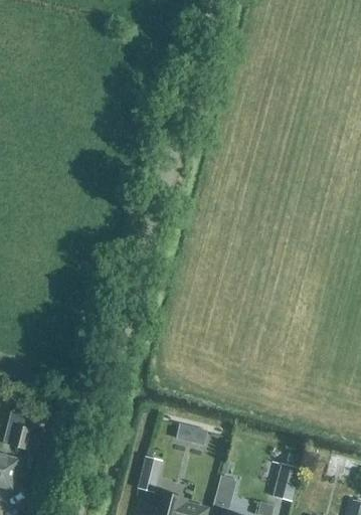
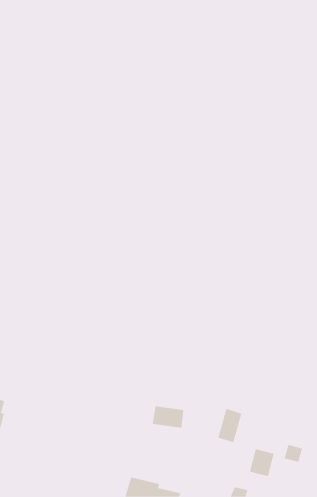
building: [137,458,162,493] -> none
building: [216,473,240,507] -> [218,408,242,443]

